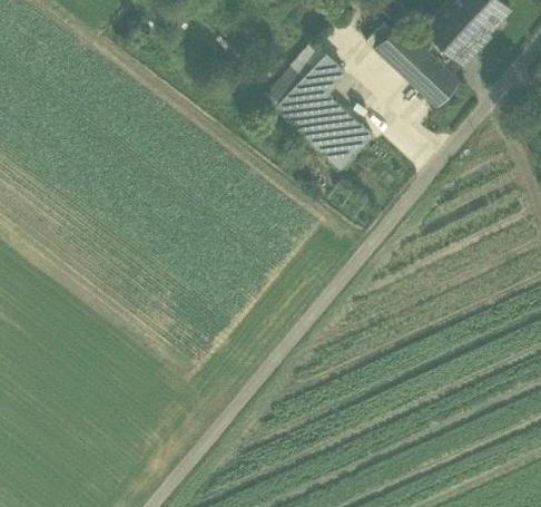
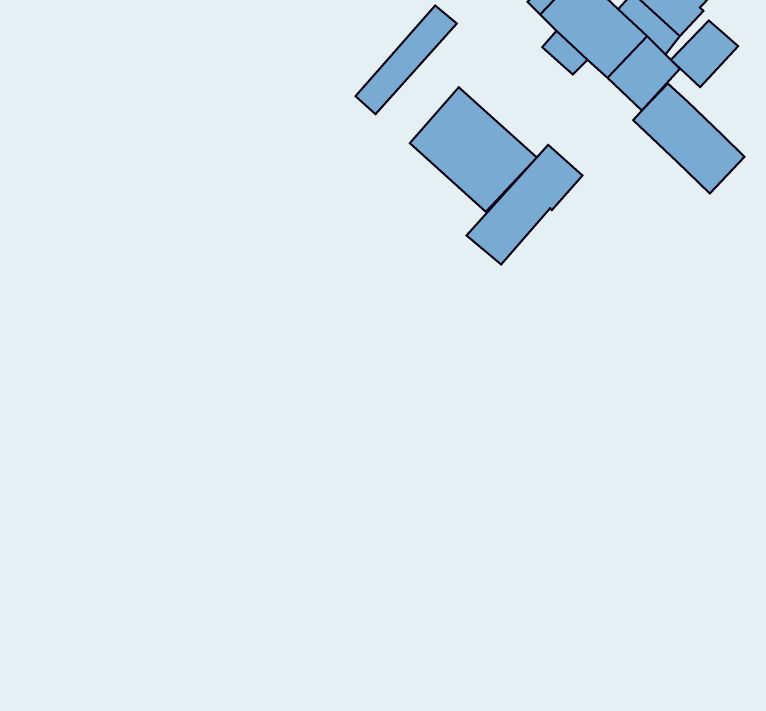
building: none -> [671,21,738,87]
building: [276,55,347,128] -> [467,145,583,264]
building: none -> [633,84,744,193]

